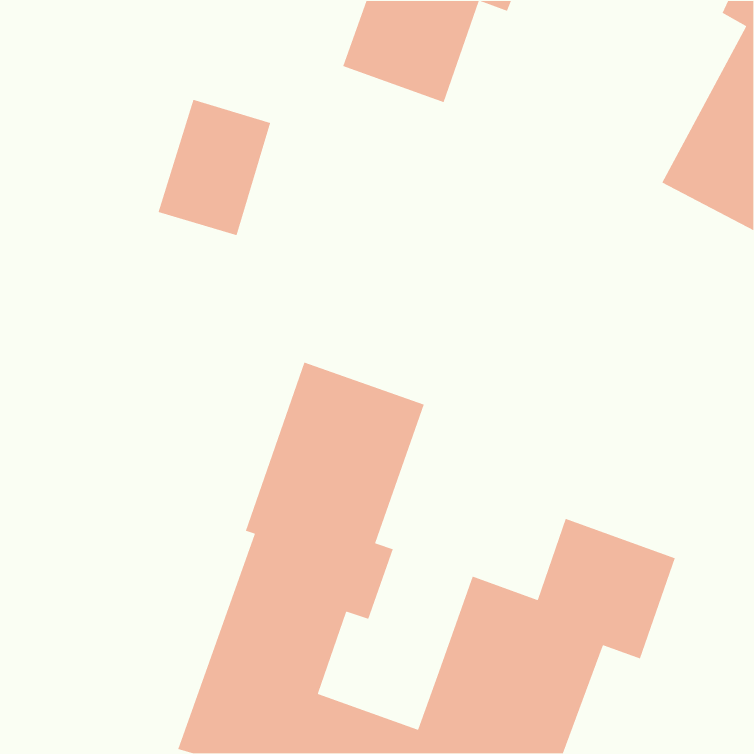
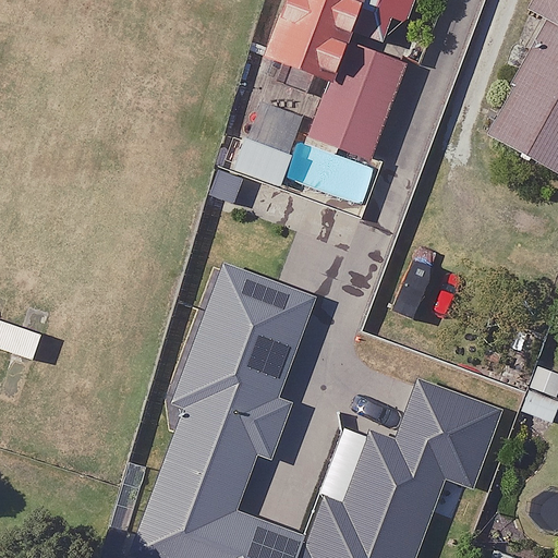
building: none -> [307,40,405,158]
building: [157,99,271,236] -> [225,82,308,183]

